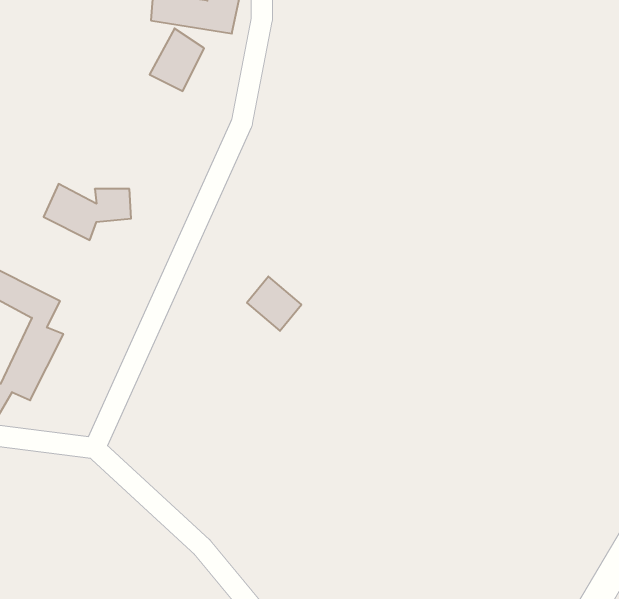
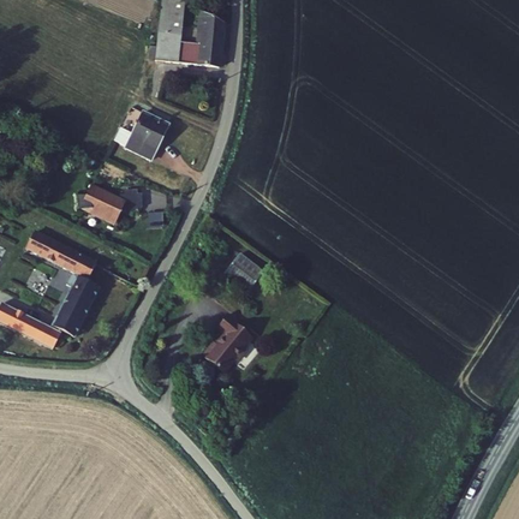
building: [150,28,204,91] -> [127,115,167,161]
building: none -> [205,311,253,372]

